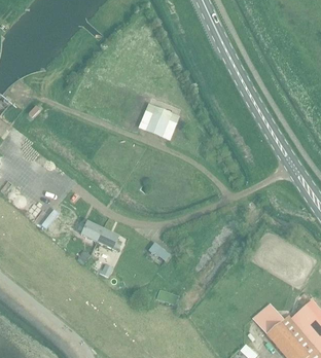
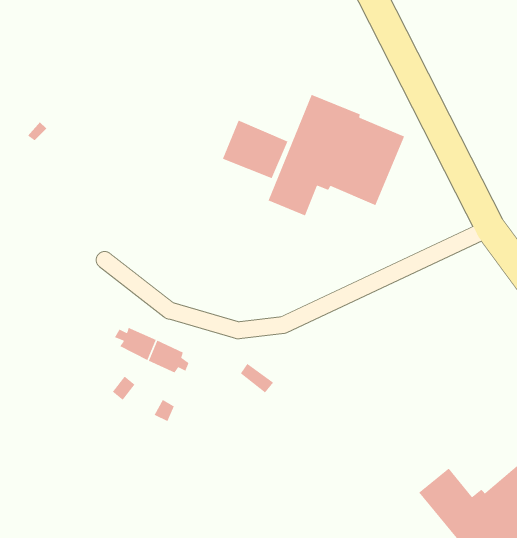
building: none -> [267,94,405,216]

